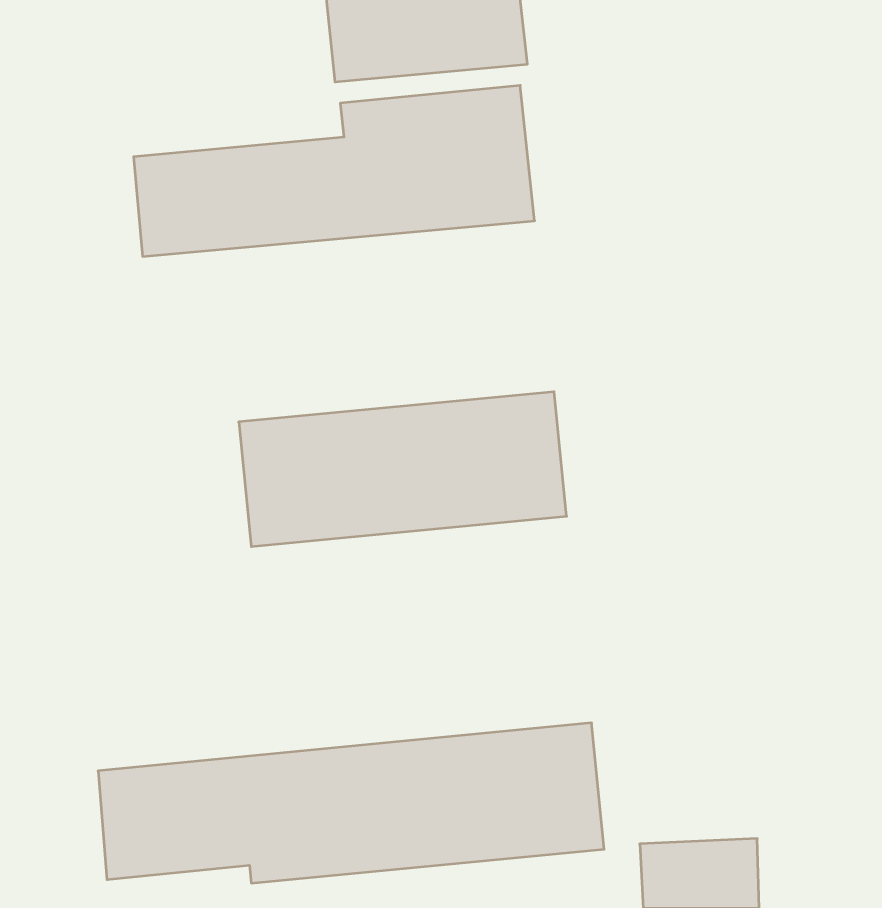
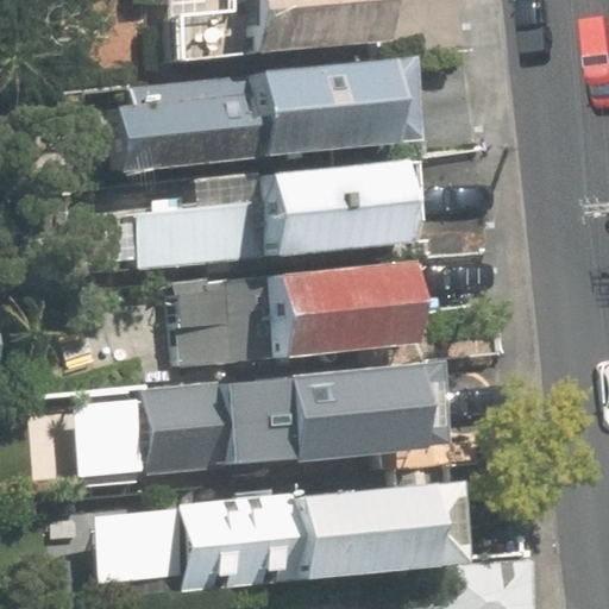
building: none -> [140,165,385,270]
building: none -> [145,363,406,475]

